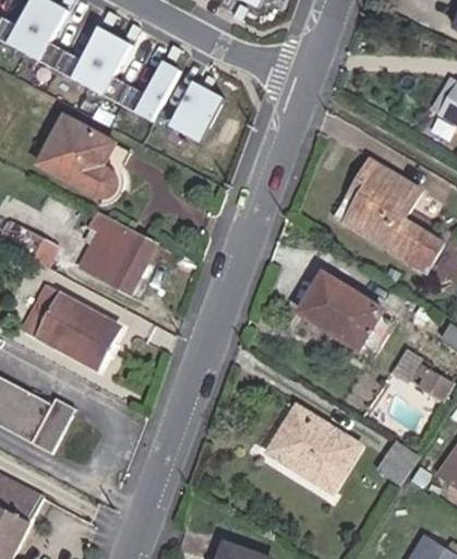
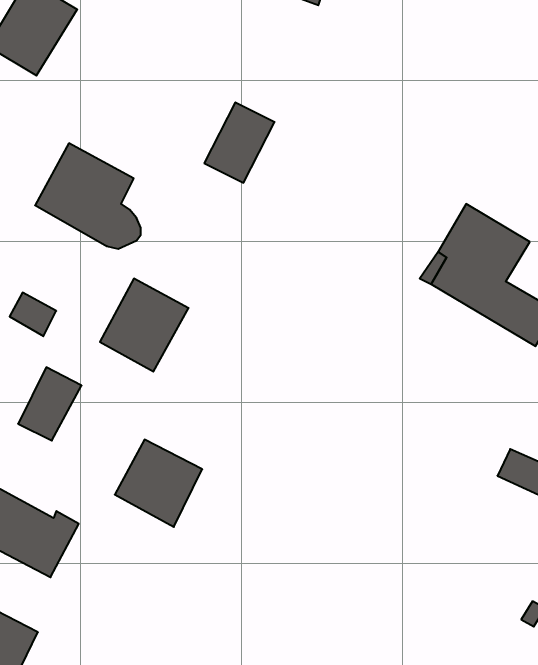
building: [67,24,131,96] -> none
building: [132,58,182,121] -> none
building: [300,273,383,348] -> none
building: [50,302,118,370] -> [115,440,202,527]
building: [273,411,357,488] -> none
building: [376,442,418,485] -> none

